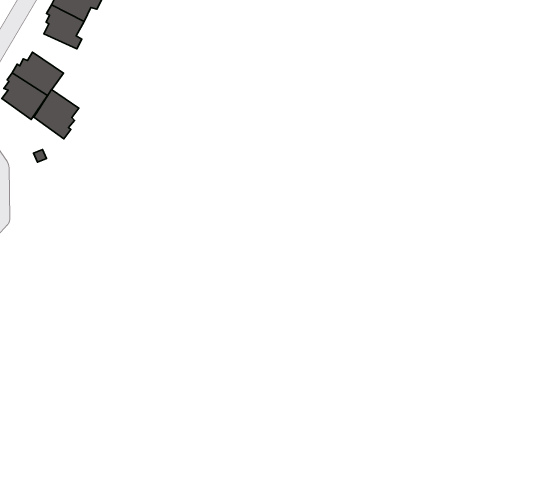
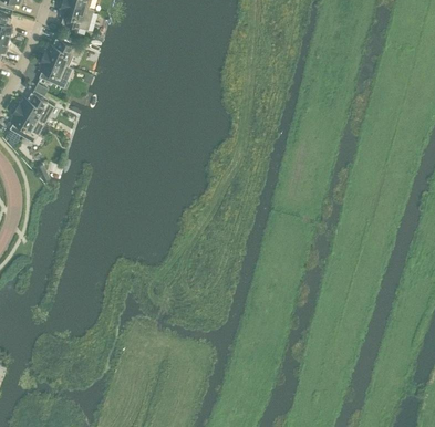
building: [34,90,79,139] -> none

